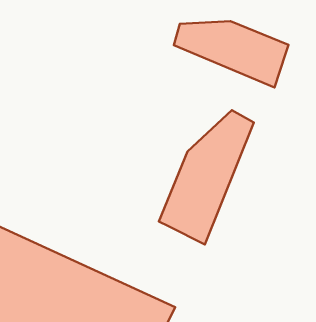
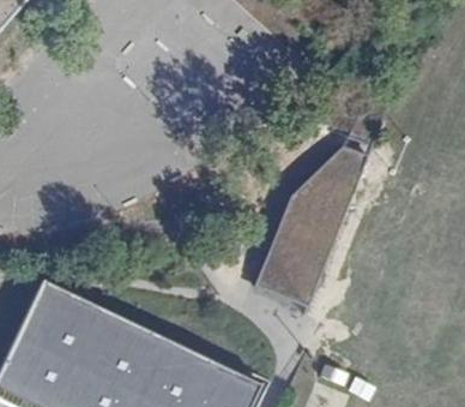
building: [174,21,289,87] -> none

